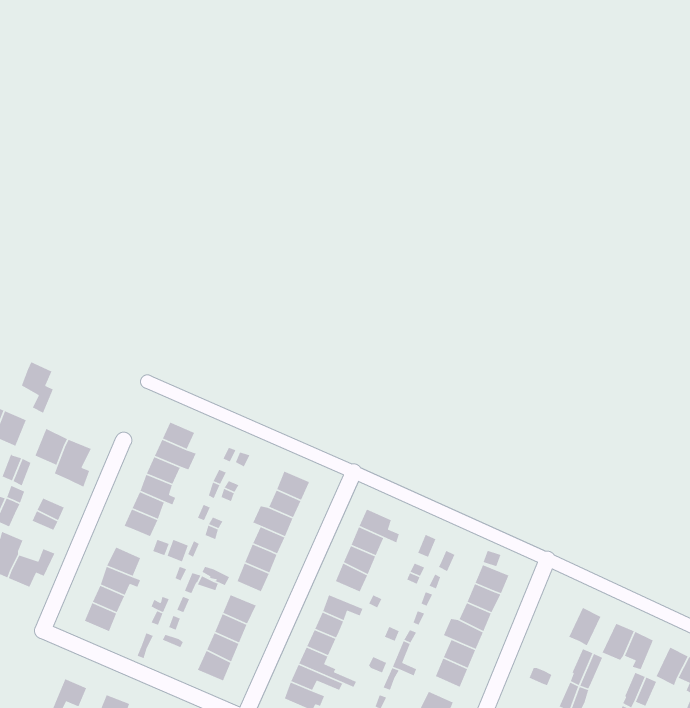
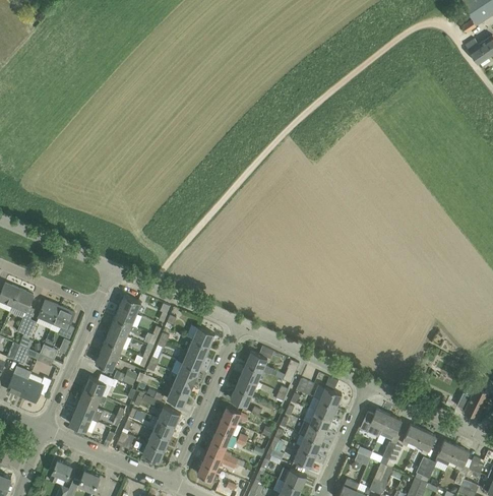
building: [21,361,54,414] -> none
building: none -> [359,409,388,437]

